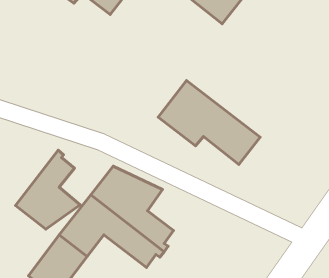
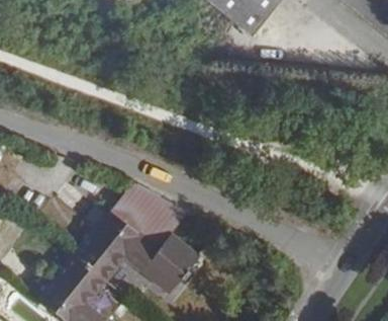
building: [158,80,260,165] -> none
building: [15,150,80,229] -> none

